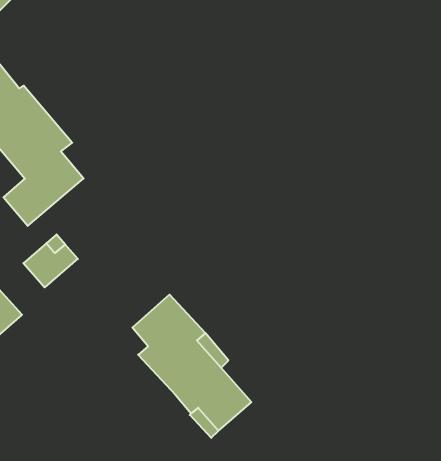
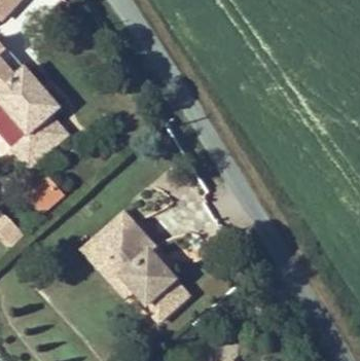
building: none -> [81,211,133,296]

